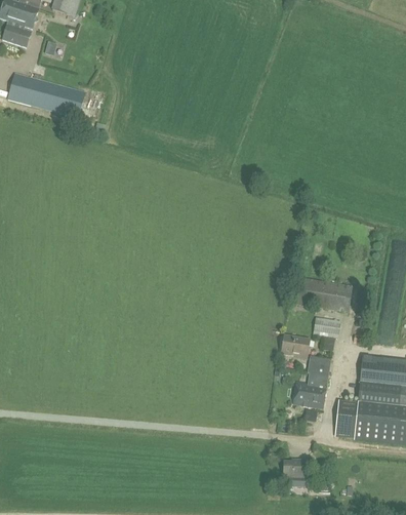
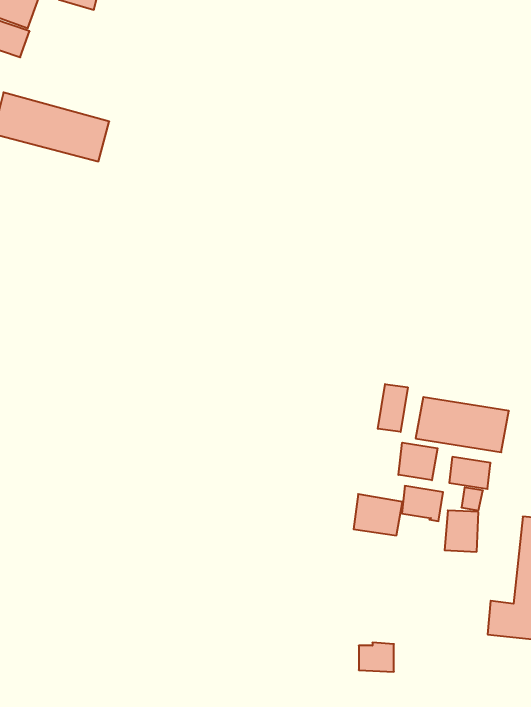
building: none -> [378,384,408,432]
building: none -> [398,443,438,480]
building: [292,381,325,408] -> [354,494,403,535]
building: [282,459,306,478] -> [359,643,394,672]

